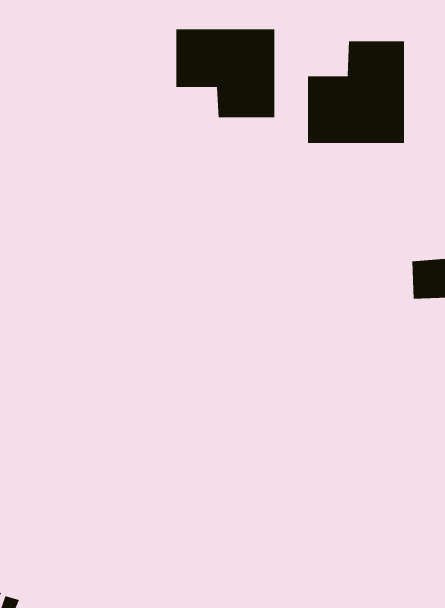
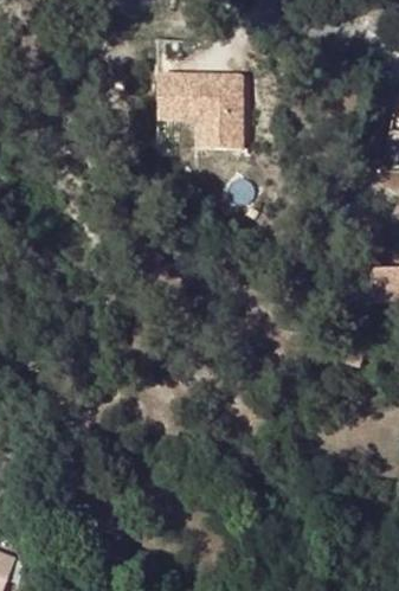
building: [307,41,404,144] -> none

